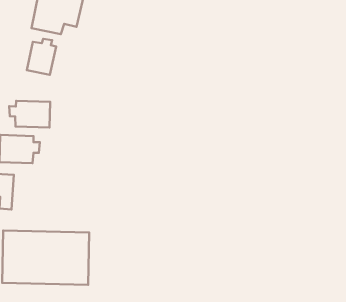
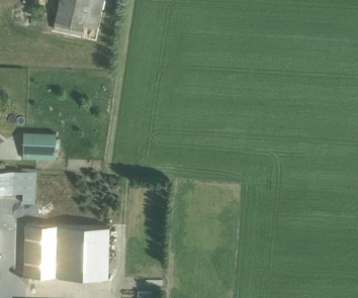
building: [27,39,56,75] -> none
building: [9,101,50,127] -> none

